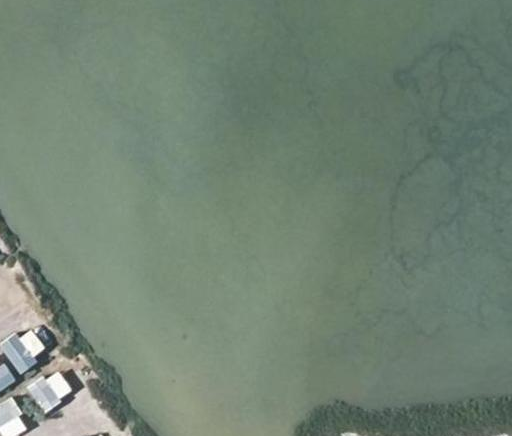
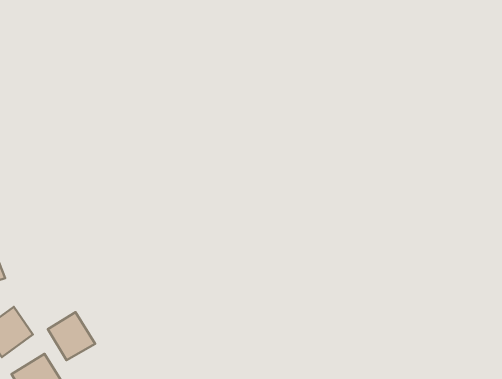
building: none -> [48,312,95,360]

